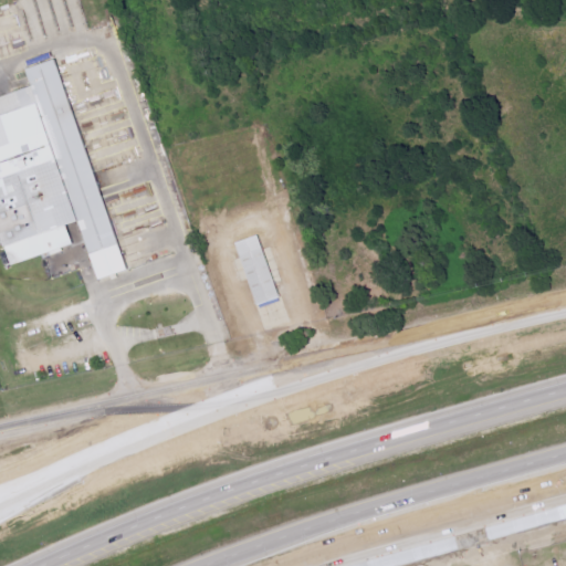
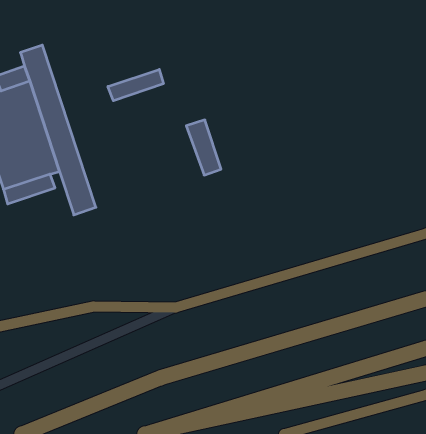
building: none -> [108,69,163,101]
building: [231,234,276,306] -> [186,120,221,175]

